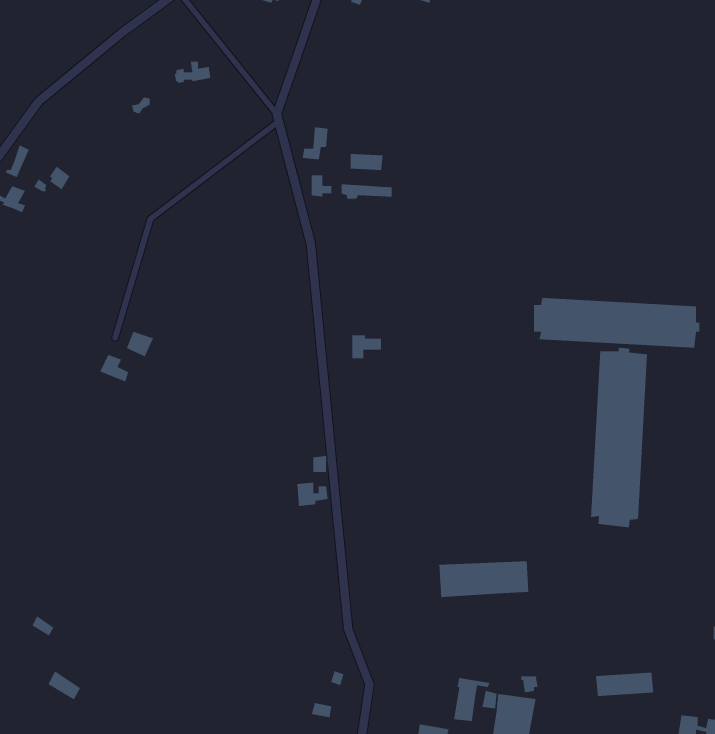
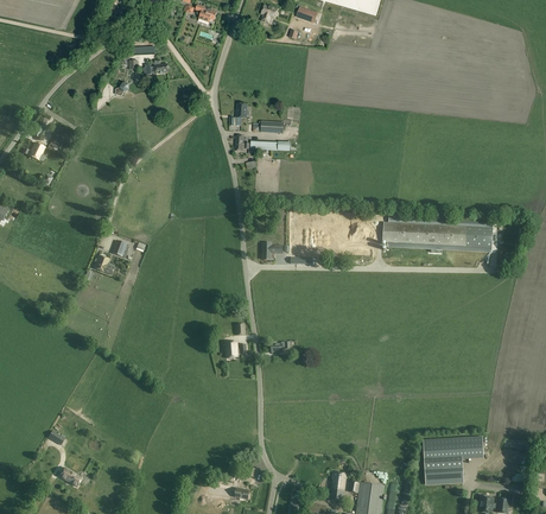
building: [590,347,648,528] -> none
building: [439,560,529,598] -> [424,436,484,461]

